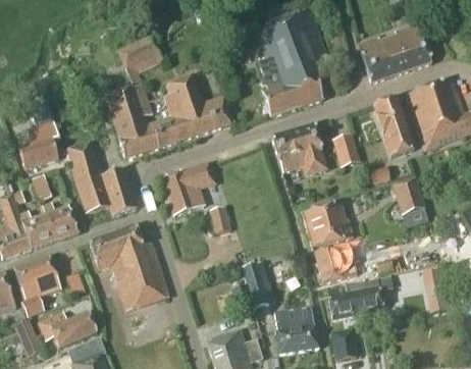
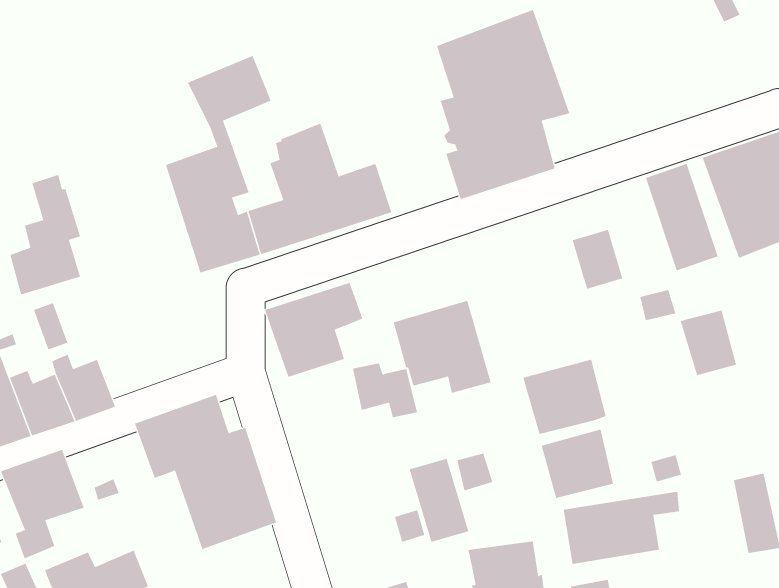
building: [359,21,430,82] -> none
building: [271,123,326,175] -> [393,300,492,394]
building: [66,142,136,216] -> none

